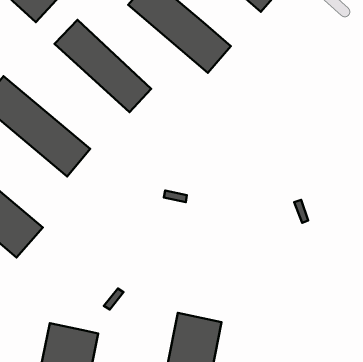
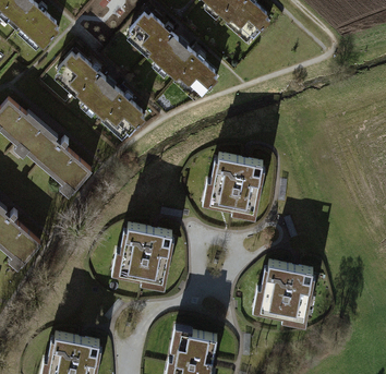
building: none -> [201,155,258,215]
building: none -> [119,226,171,282]
building: none -> [254,263,314,326]

